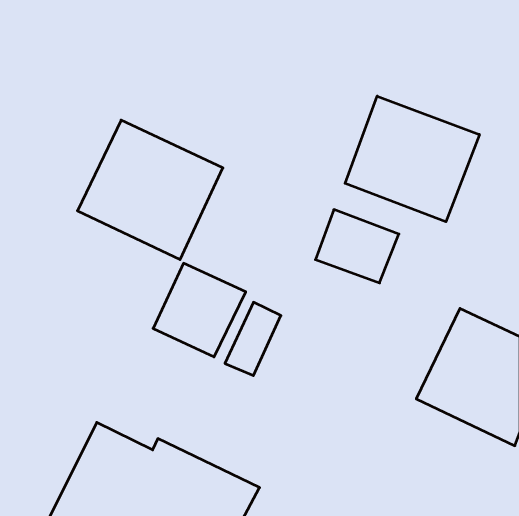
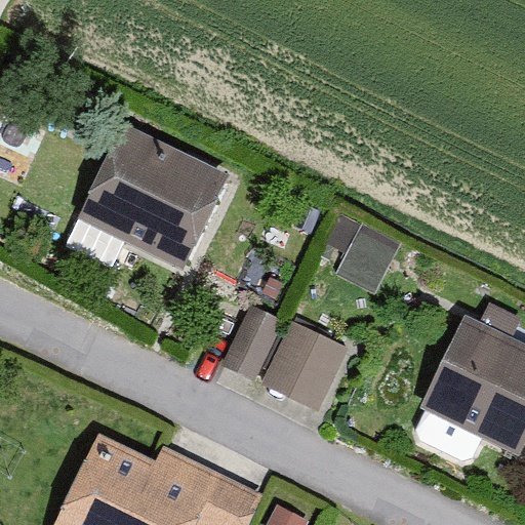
building: [345,96,479,222] -> none
building: [153,263,246,357] -> [258,321,352,415]

